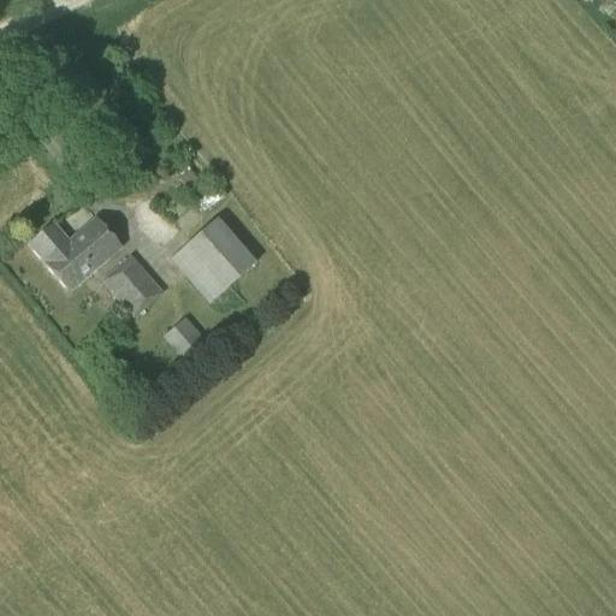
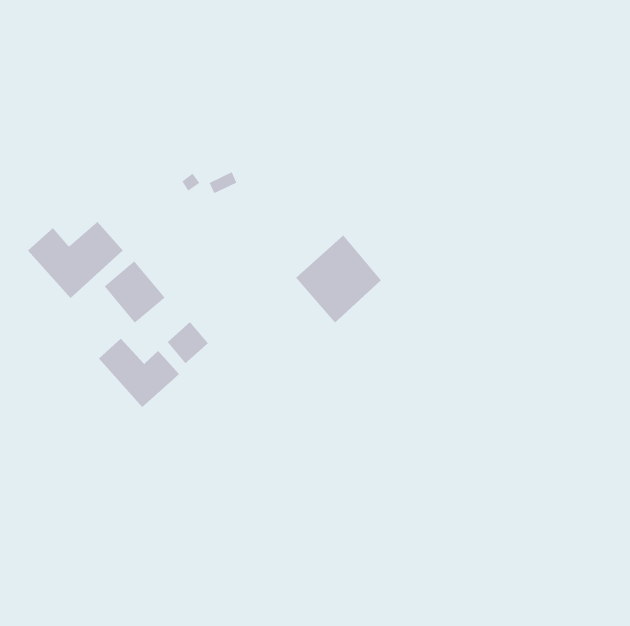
building: [171,215,255,302] -> [295,235,382,323]
building: none -> [98,338,180,408]

